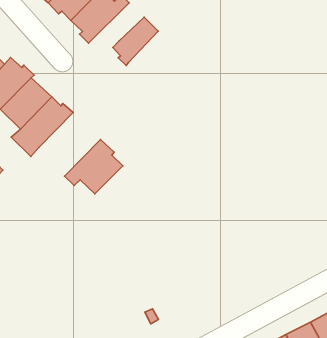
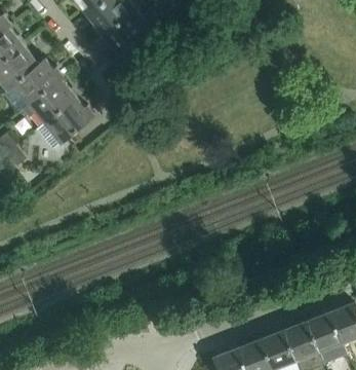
building: [113,17,158,65] -> none
building: [64,140,123,194] -> none

